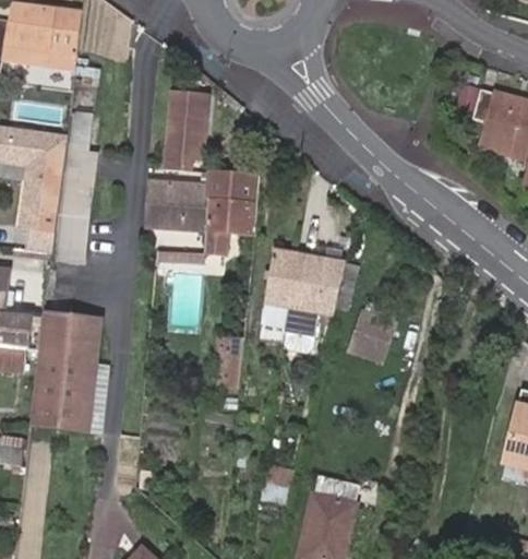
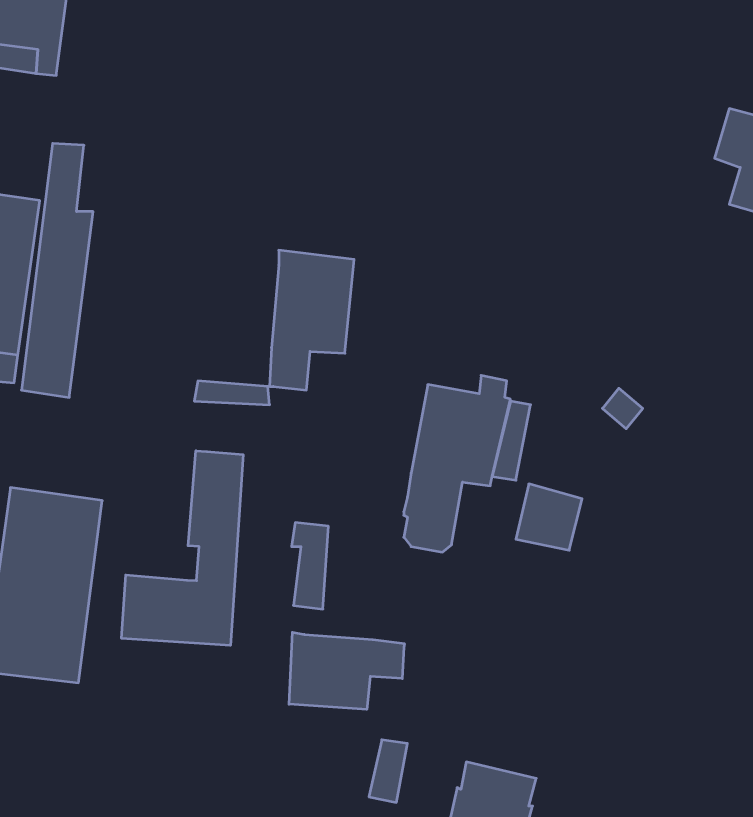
building: [165,92,207,170] -> none
building: [142,175,207,230] -> none
building: [260,248,296,328] -> none
building: none -> [122,451,243,645]
building: none -> [289,632,404,709]

